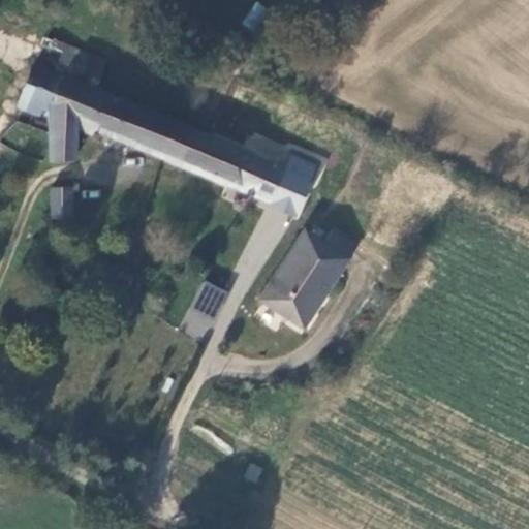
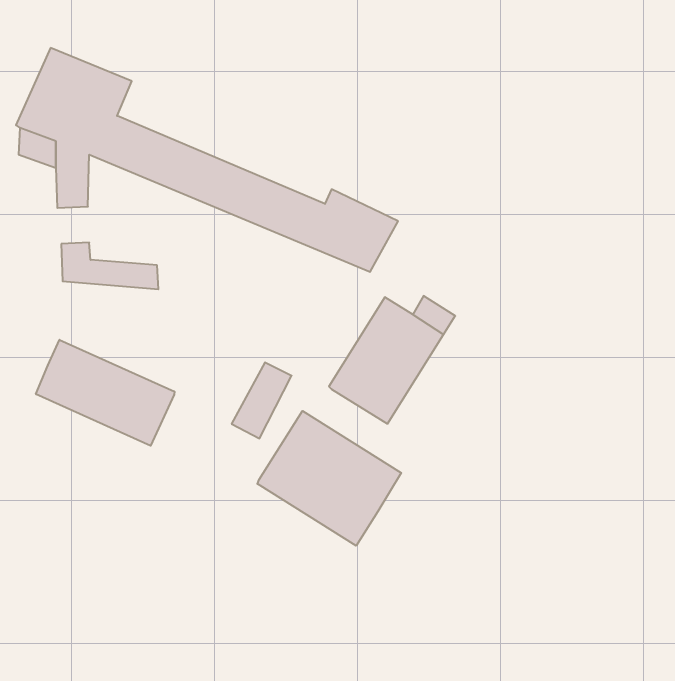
building: none -> [36,340,174,446]
building: none -> [257,411,401,546]

